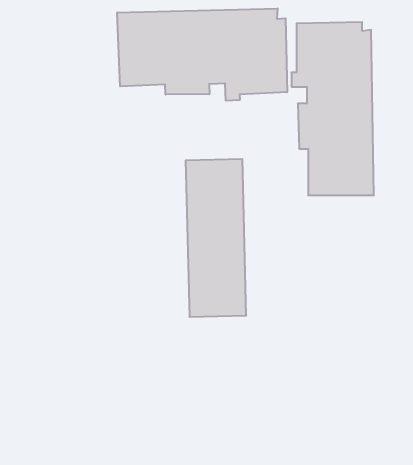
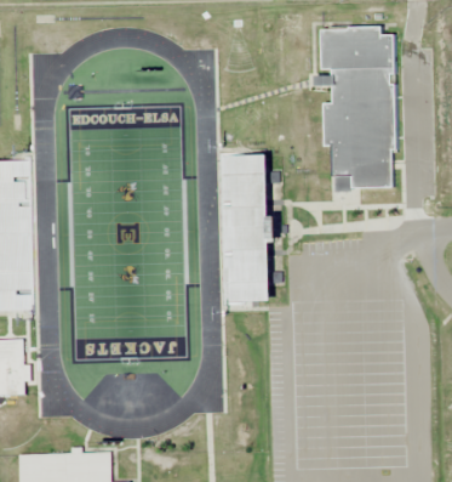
building: [117,8,287,101] -> none

